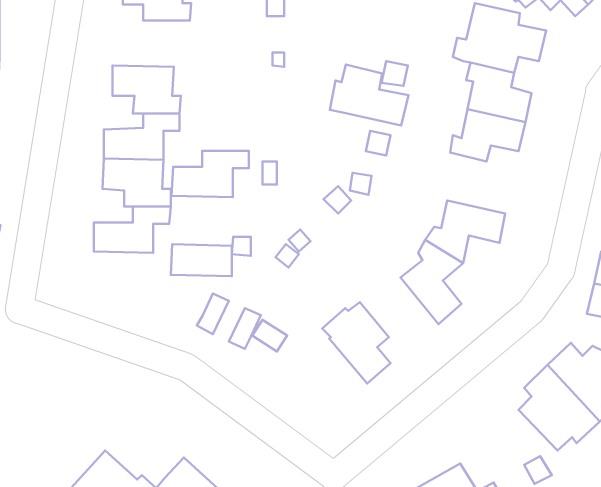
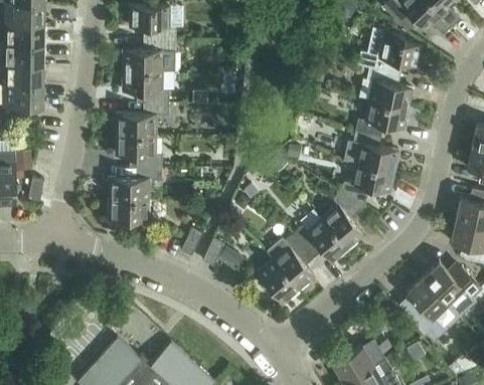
building: [330,65,408,126] -> [345,131,399,173]
building: [172,151,249,197] -> [123,39,176,71]
building: [171,244,232,276] -> [109,199,151,221]
building: none -> [294,217,348,262]
building: none -> [257,259,299,304]

